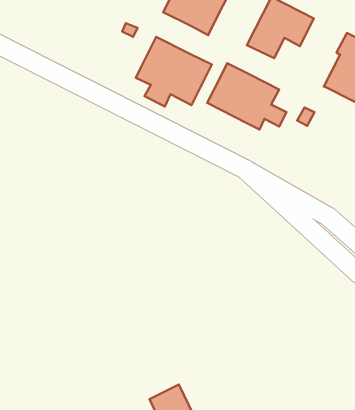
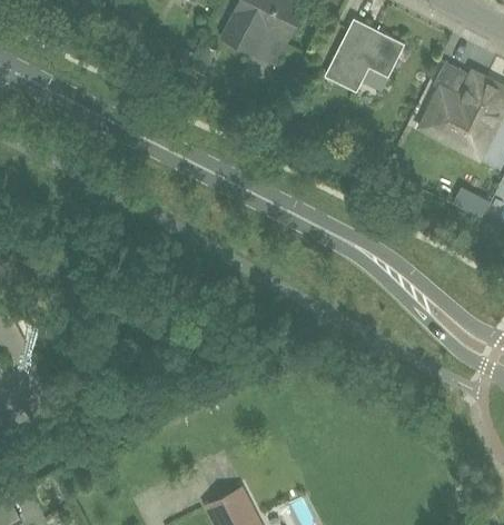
building: [136,37,212,106] -> none
building: [207,63,287,130] -> none

